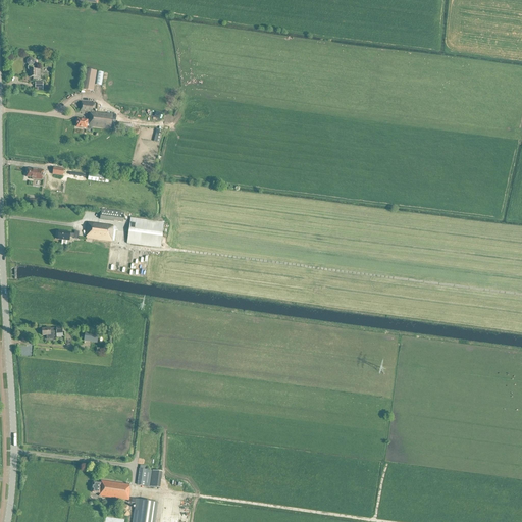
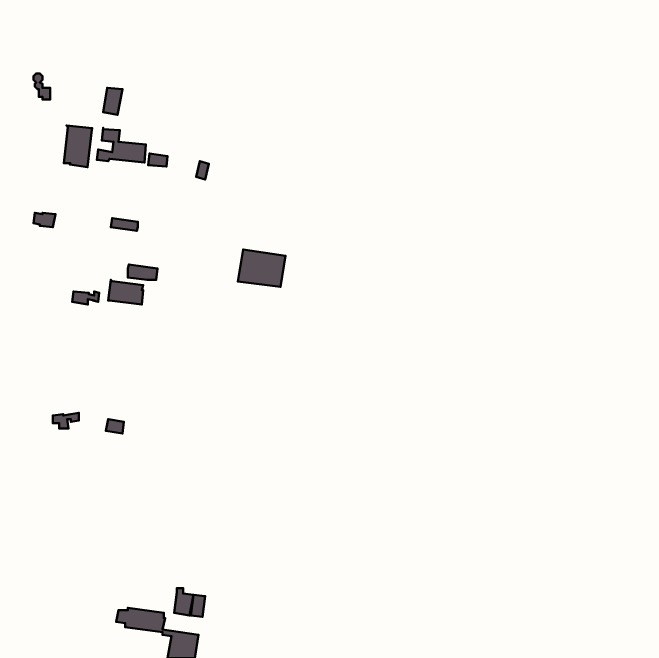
building: none -> [64,125,92,167]
building: [126,217,164,247] -> [238,249,286,287]

